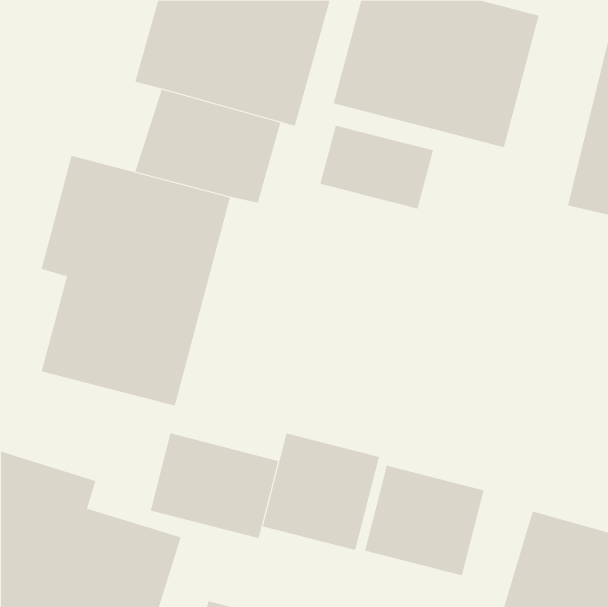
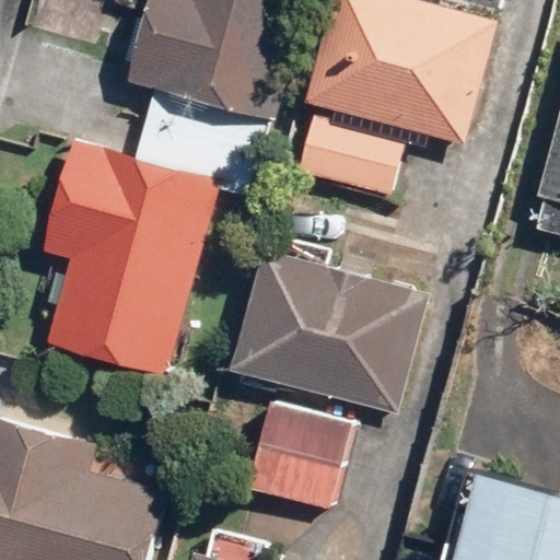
building: none -> [233,249,421,411]
building: [150,433,279,539] -> none
building: [364,465,484,576] -> none

